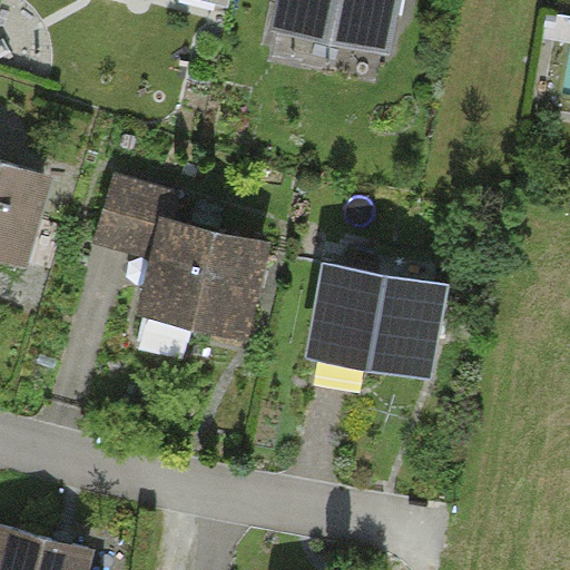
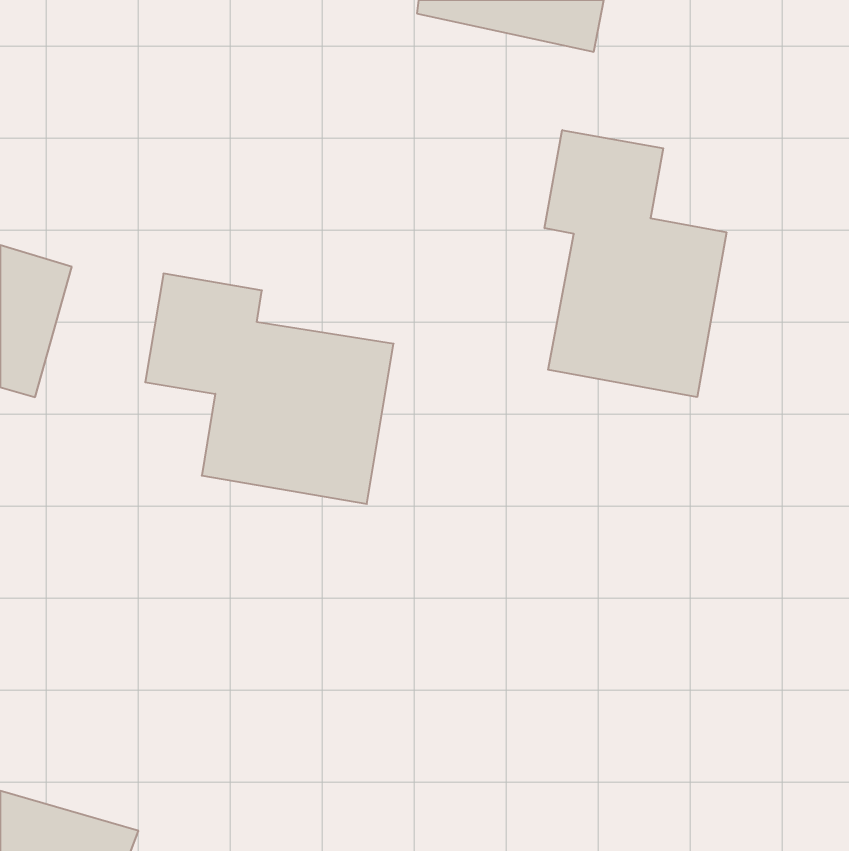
building: none -> [545,130,726,397]
building: [304,265,444,380] -> none

